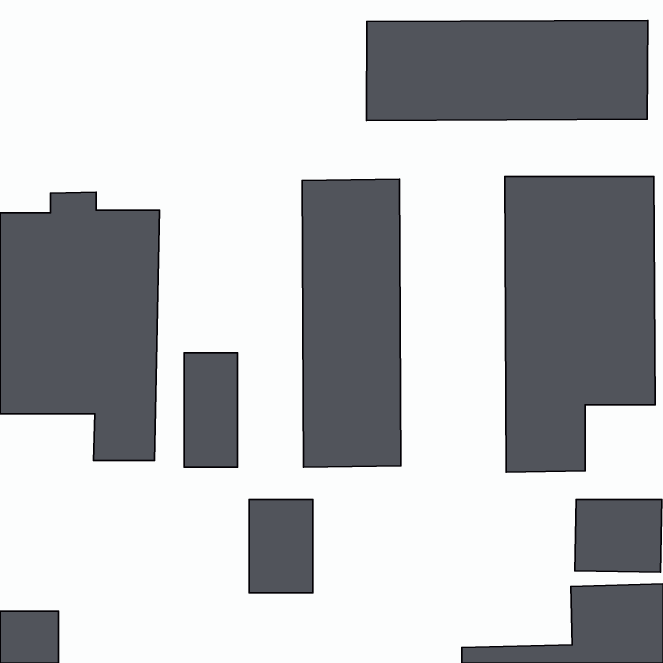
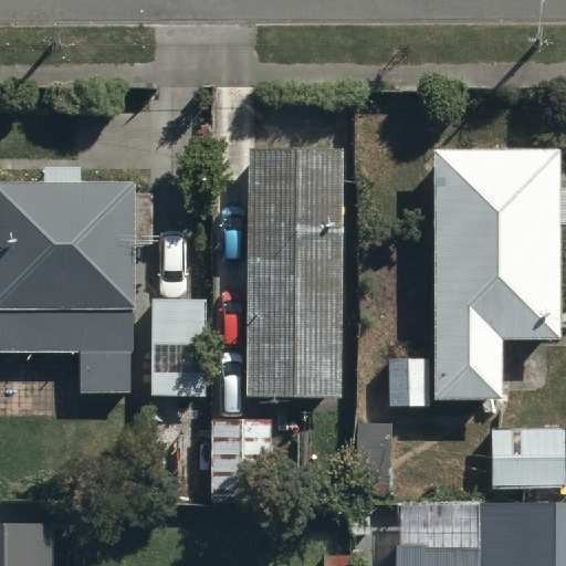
building: [366,20,648,121] -> none

